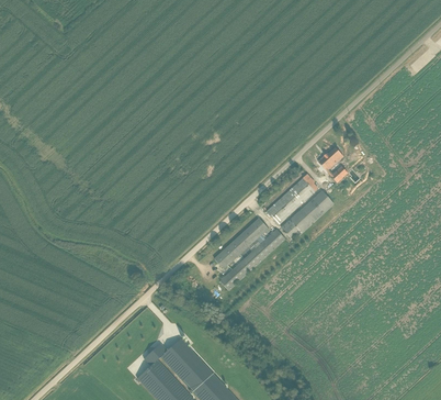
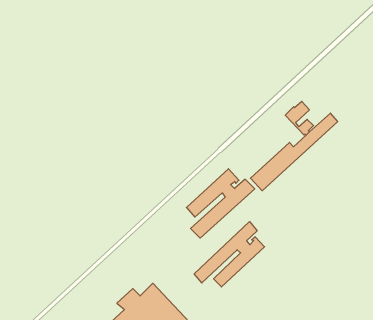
building: [265,173,317,223] -> none
building: none -> [194,222,265,287]

